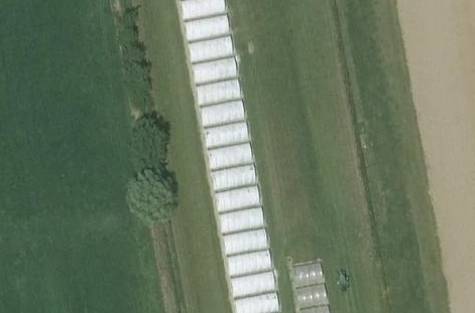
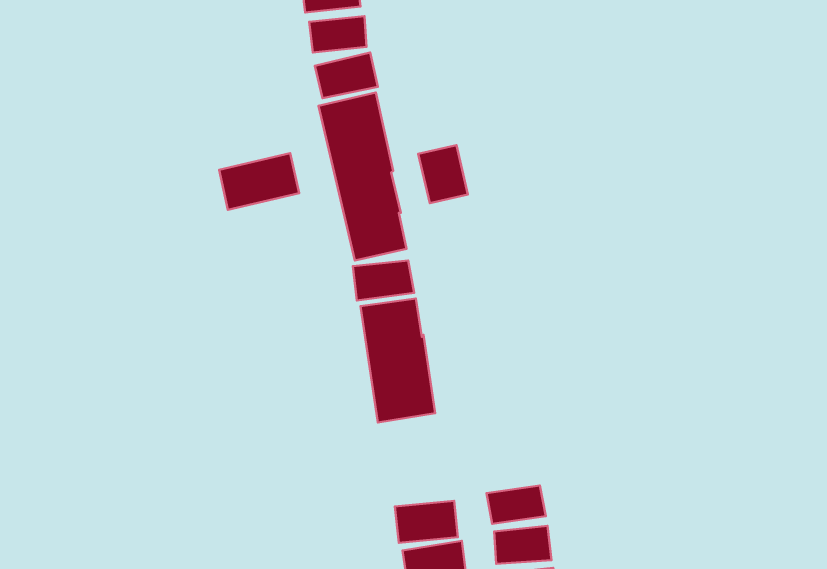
building: none -> [418,145,468,203]
building: none -> [219,153,299,210]
building: [232,227,271,274] -> none

